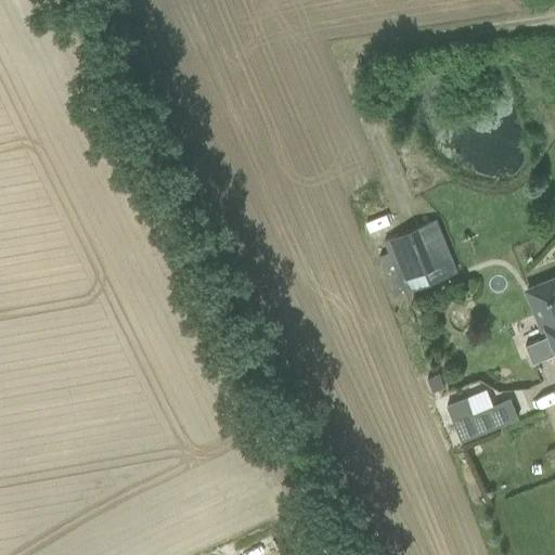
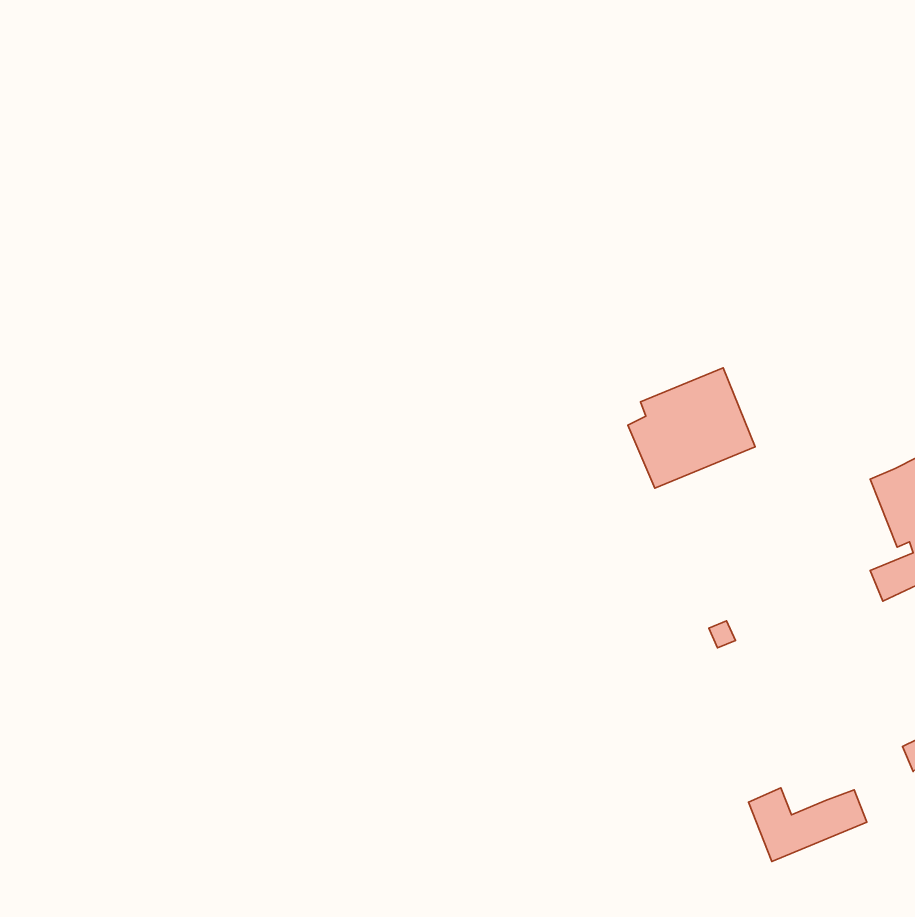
building: [448,397,519,441] -> [748,788,867,862]

